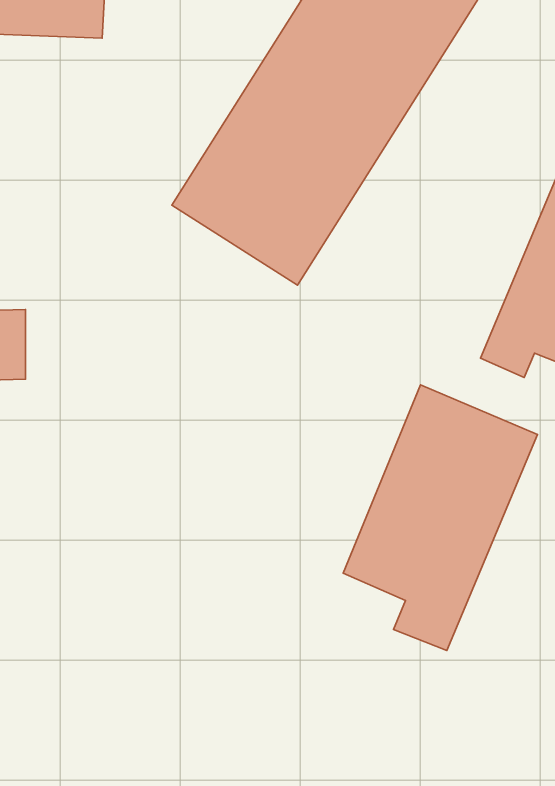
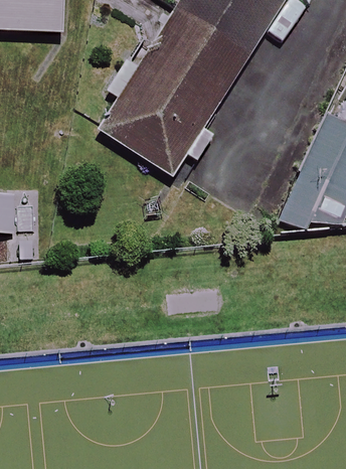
building: [343,385,538,651] -> none

